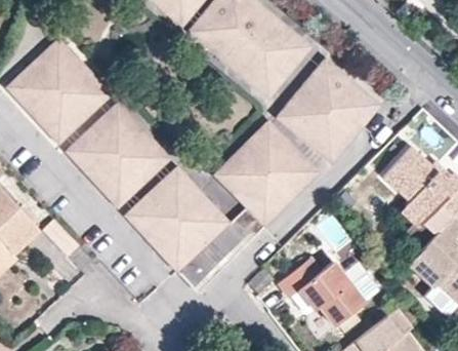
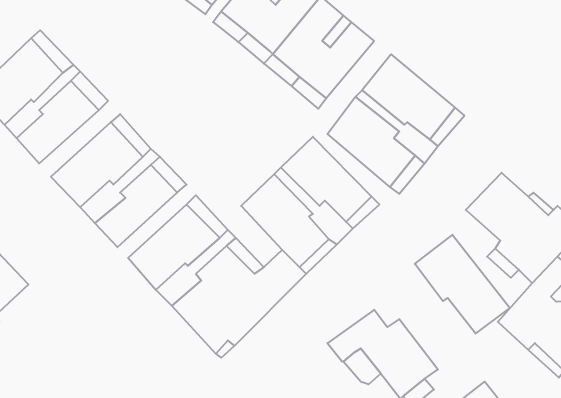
building: none -> [415,235,510,334]

